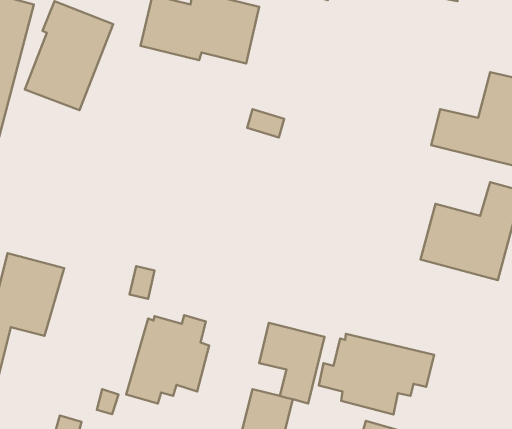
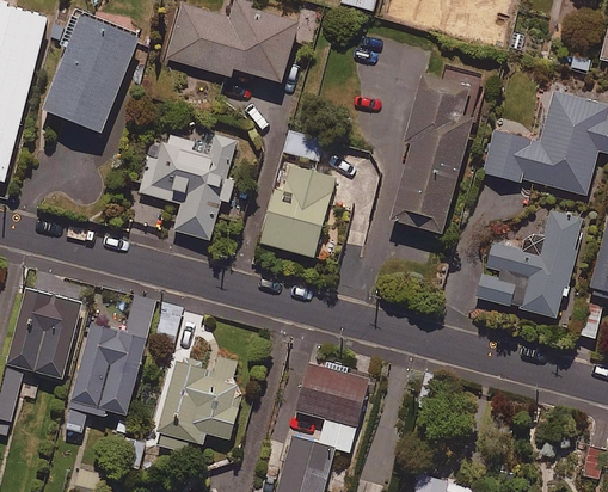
building: none -> [388,72,473,235]
building: none -> [140,129,237,240]
building: none -> [259,162,337,257]
building: none -> [65,297,155,431]
building: [319,334,434,414] -> none

